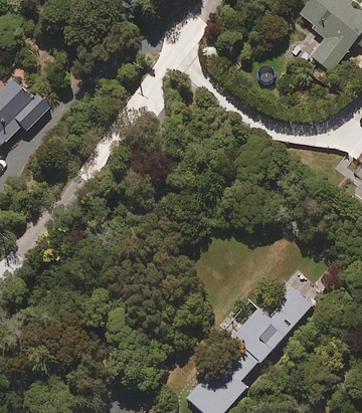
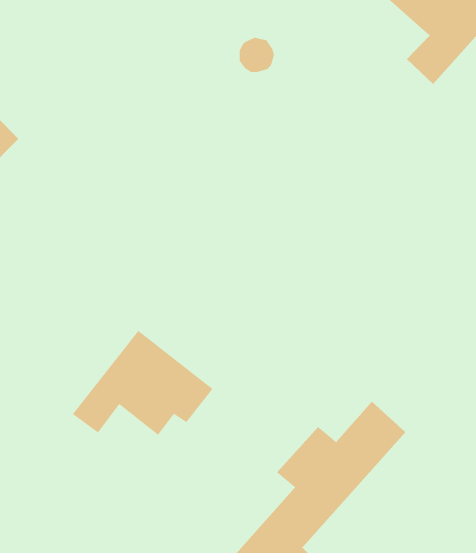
building: none -> [72,330,214,436]

